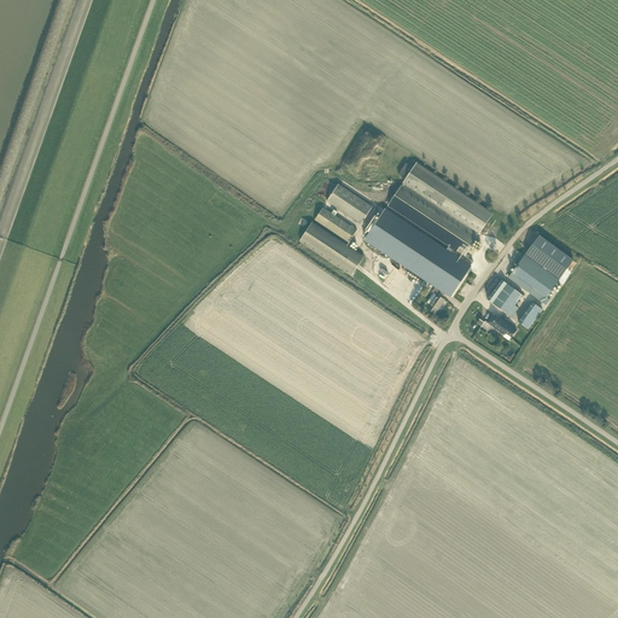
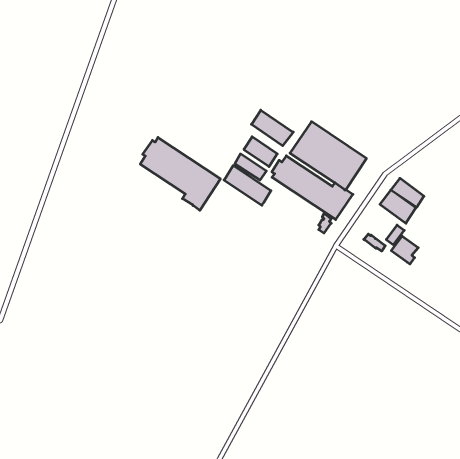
building: none -> [251,110,293,146]
building: none -> [140,137,220,210]
building: [486,279,523,316] -> [391,236,418,264]

